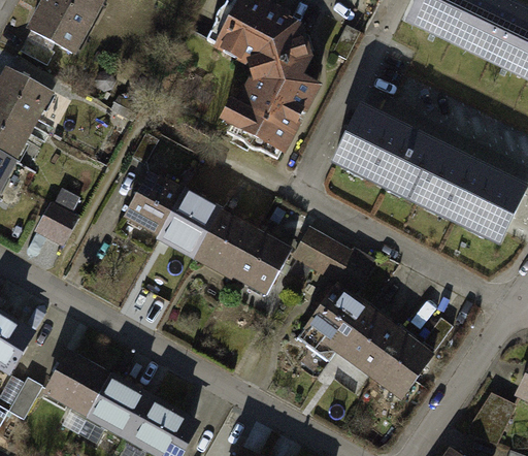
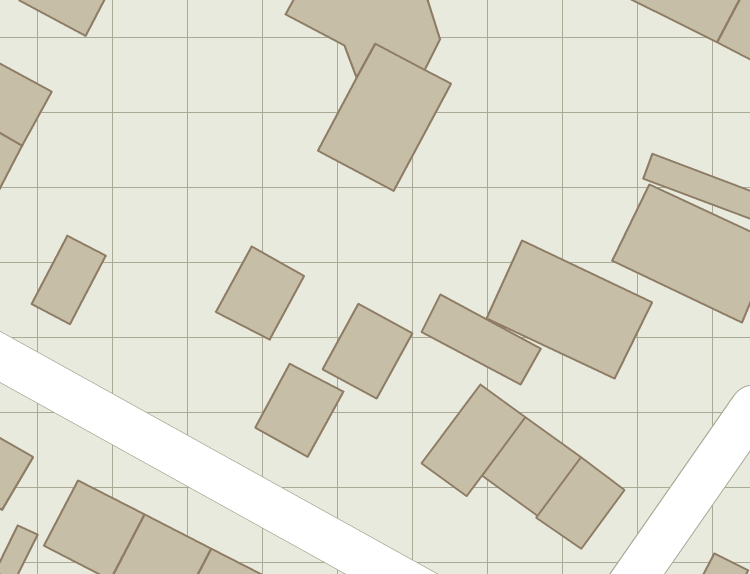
building: [337,111,448,203] -> [486,241,652,378]
building: [123,174,183,237] -> none
building: [195,214,254,275] -> [255,364,344,457]

